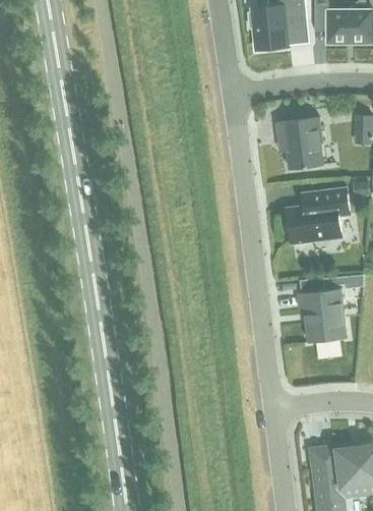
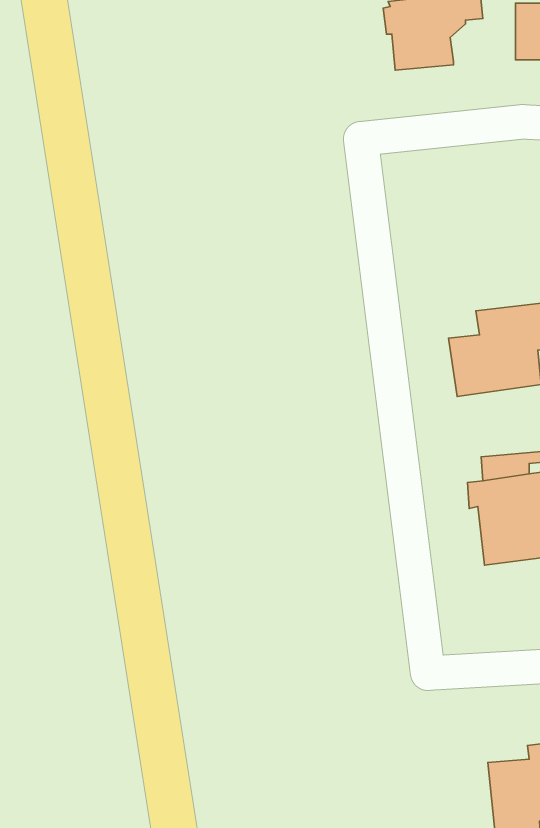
building: [275,117,322,170] -> none

